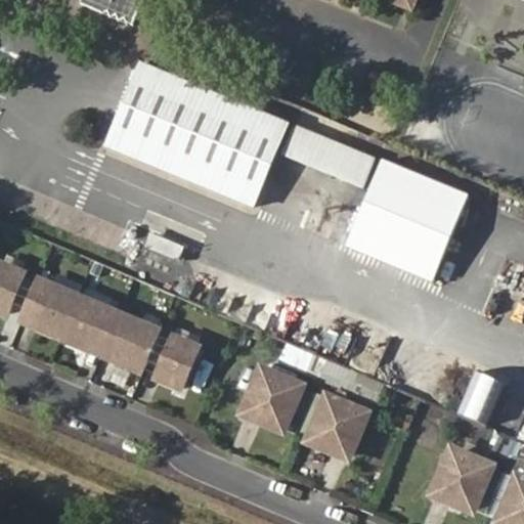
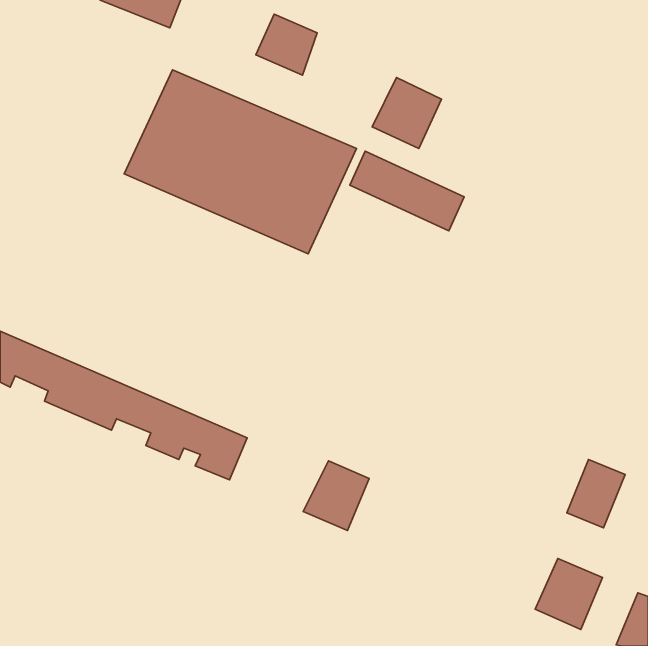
building: none -> [256,14,317,75]
building: none -> [372,78,441,148]
building: [345,161,466,282] -> none
building: [309,398,362,455] -> none

